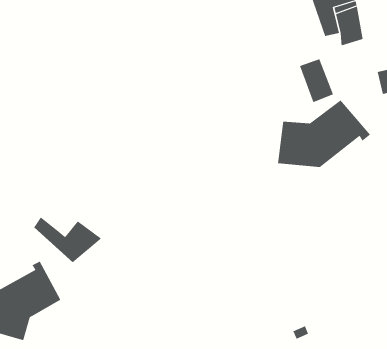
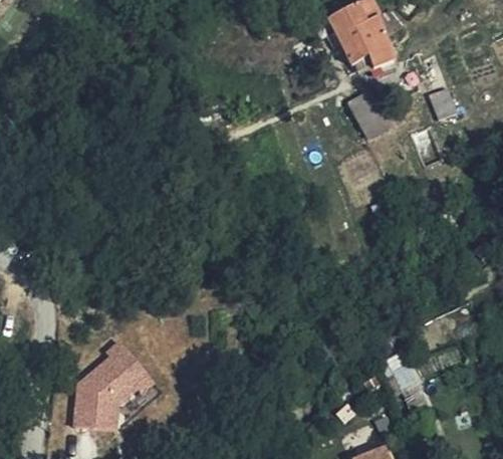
building: [278,99,371,168] -> none
building: [34,216,102,263] -> none

